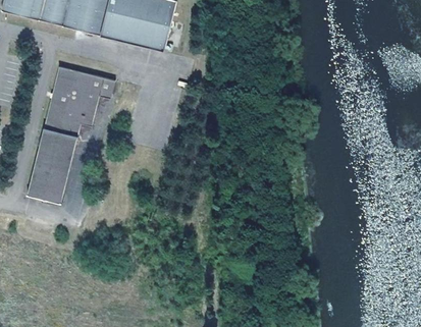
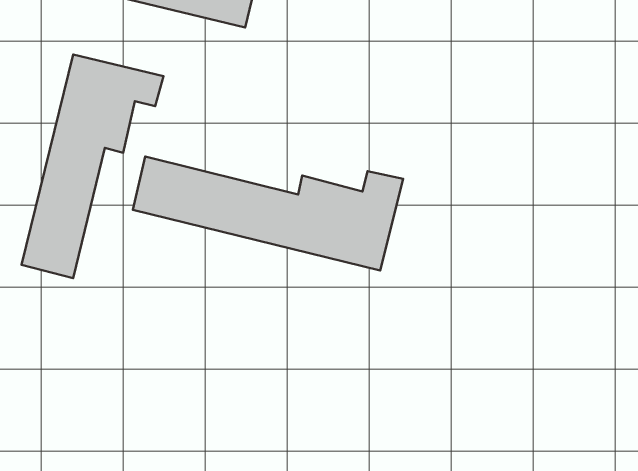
building: none -> [133,157,403,271]

